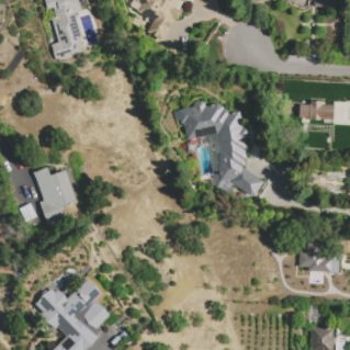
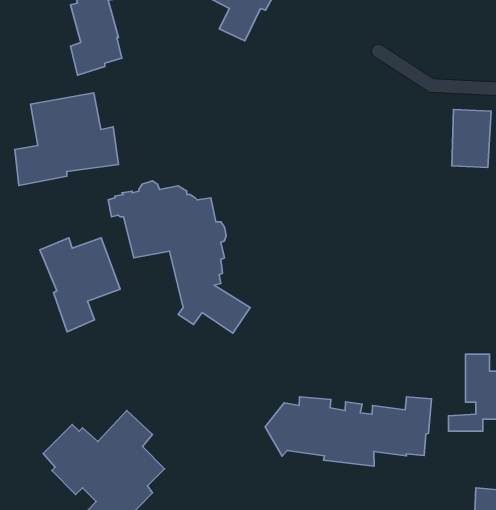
building: none -> [15,93,119,185]
building: [173,100,264,197] -> [108,181,250,333]
building: none -> [265,397,432,466]

